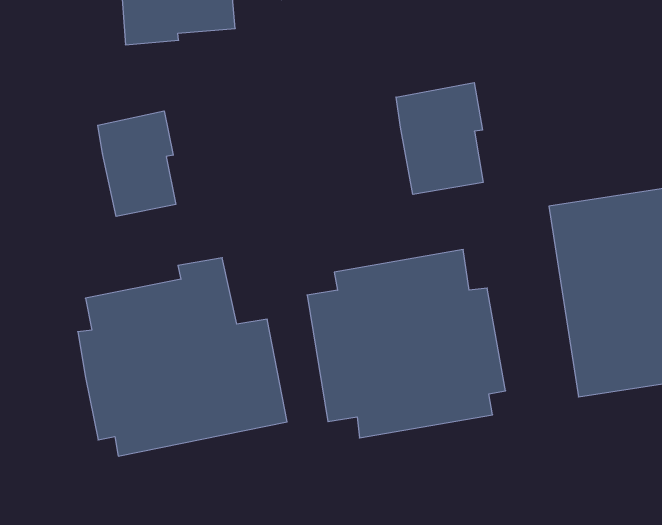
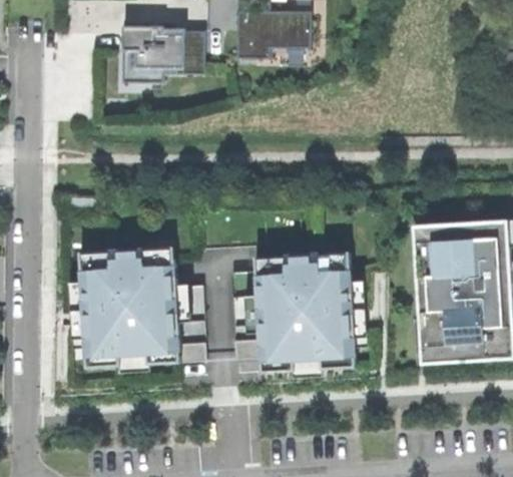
building: [396,83,483,194] -> none
building: [98,111,176,216] -> none

